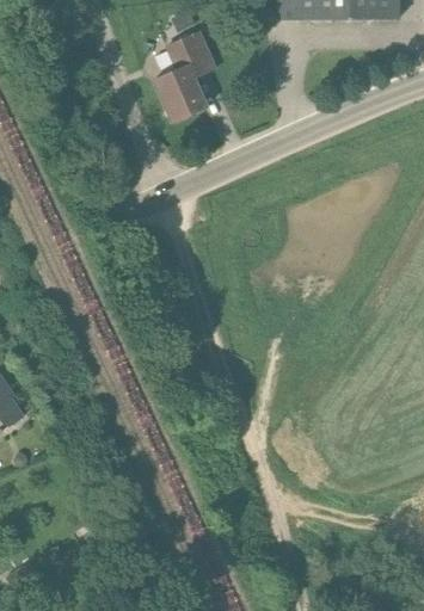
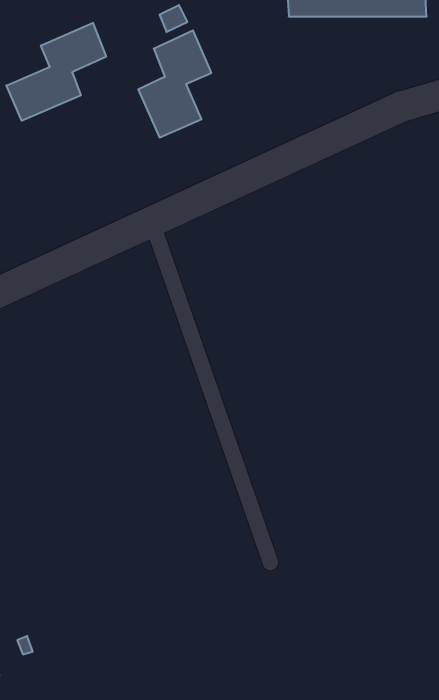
building: none -> [6,23,106,121]

